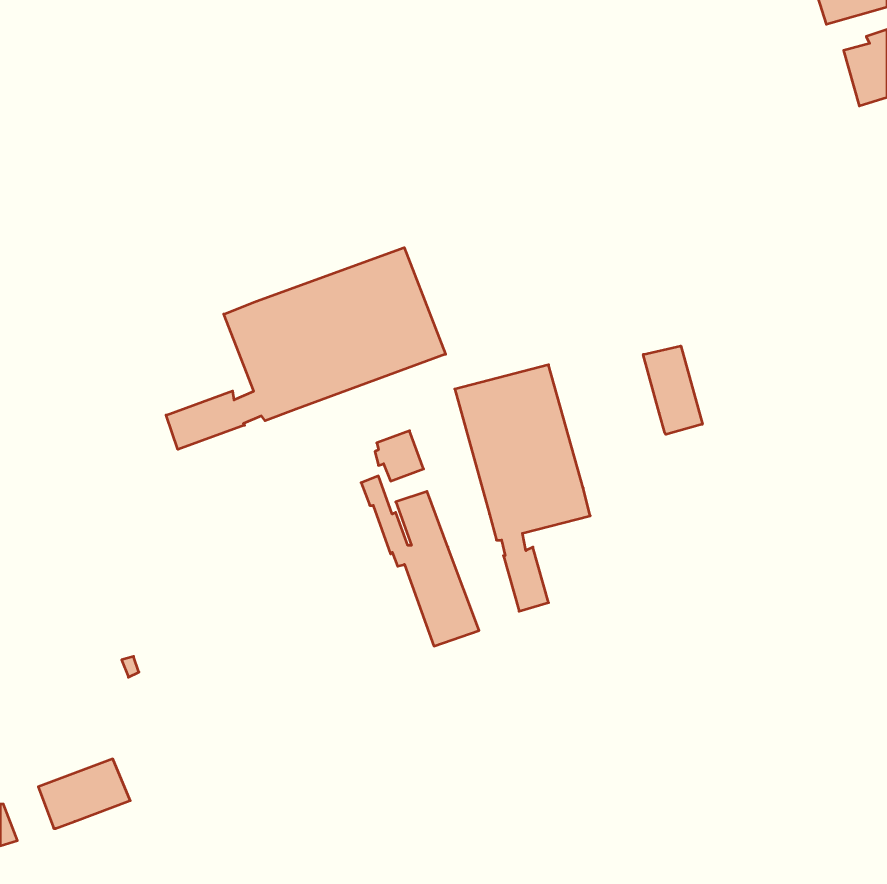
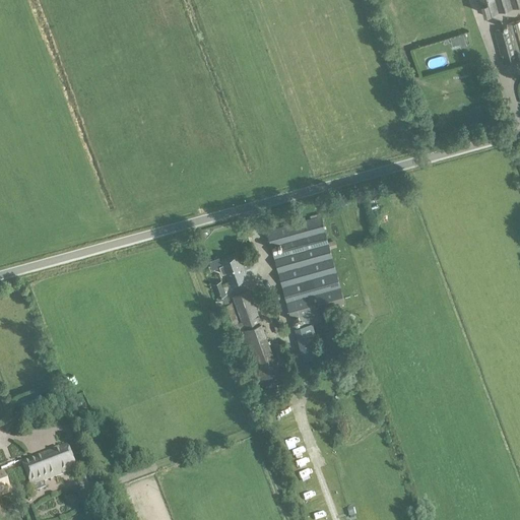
building: [166,248,446,449] -> none
building: [643,346,702,434] -> none

